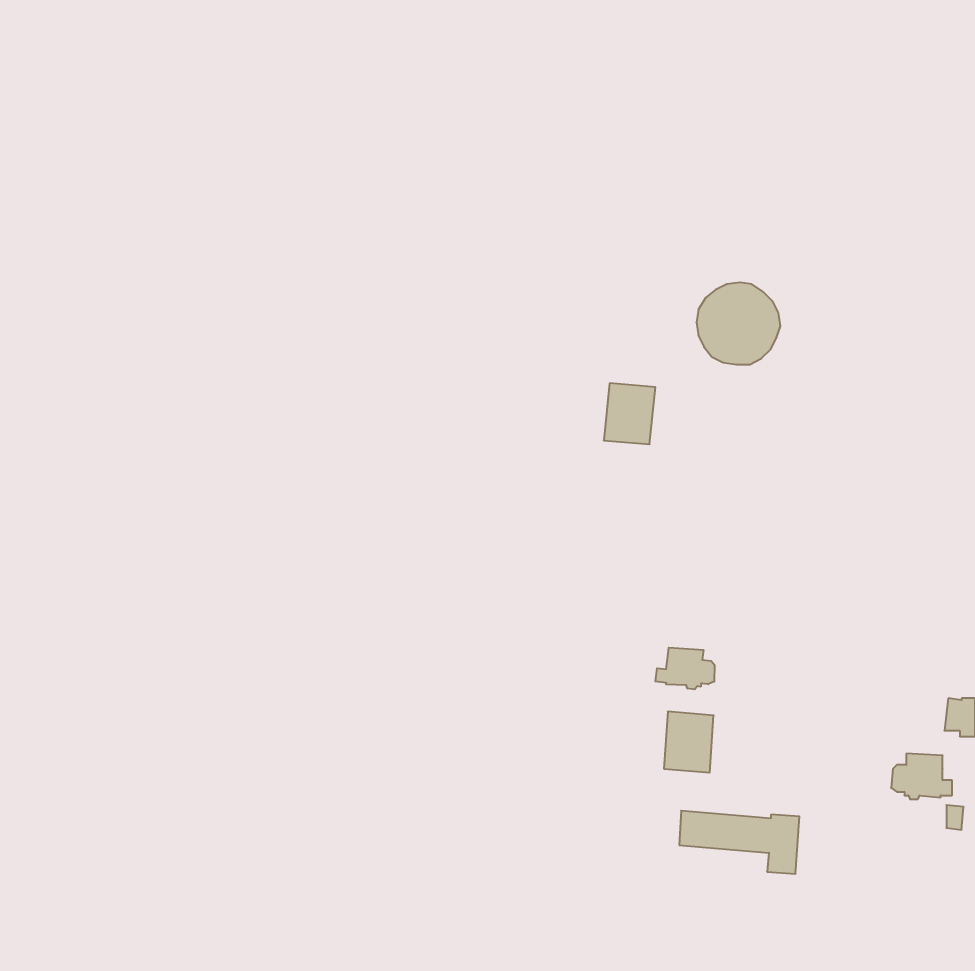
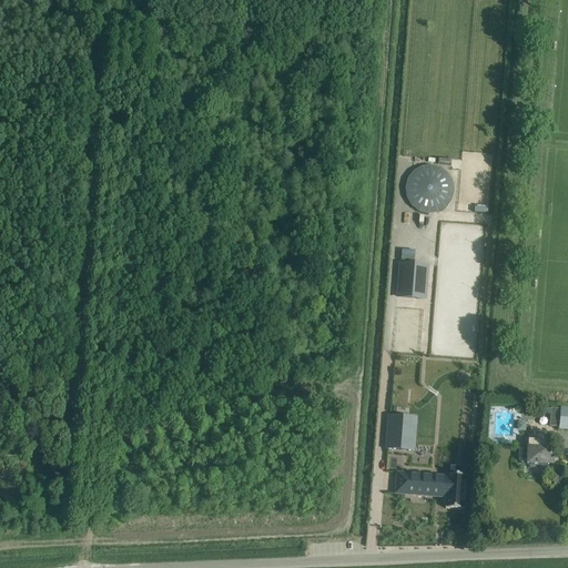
building: [604,383,655,444] -> [397,262,427,297]
building: [655,648,714,689] -> none

